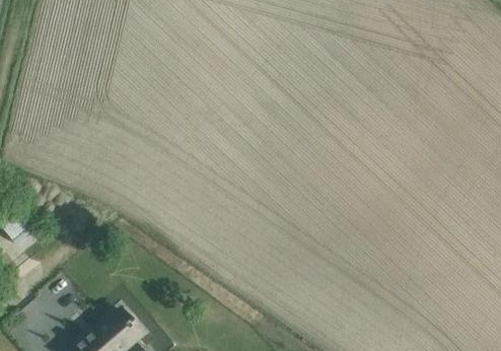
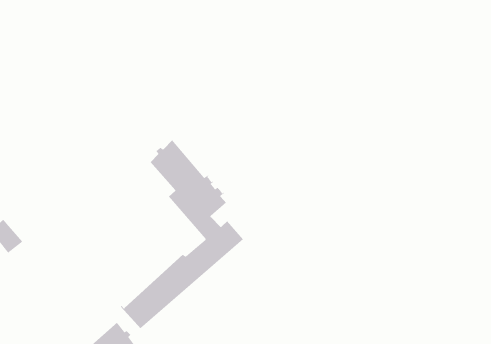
building: none -> [120,140,244,329]

